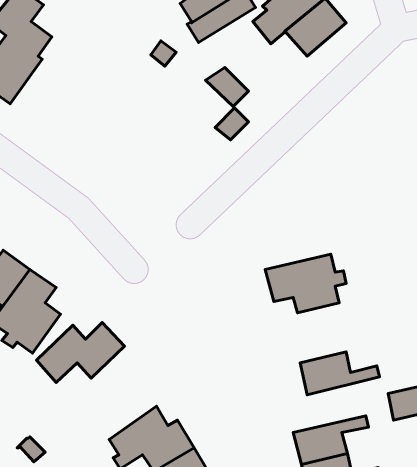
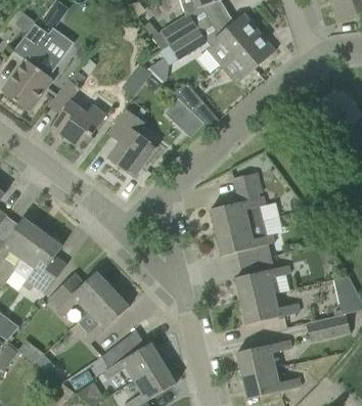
building: none -> [48,71,106,146]
building: none -> [107,107,156,177]
building: none -> [211,171,265,231]
building: none -> [235,256,290,300]
building: none -> [84,287,129,343]

